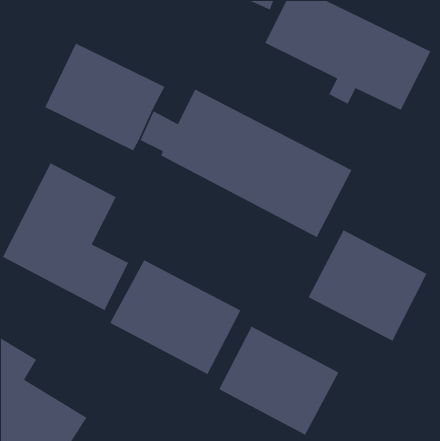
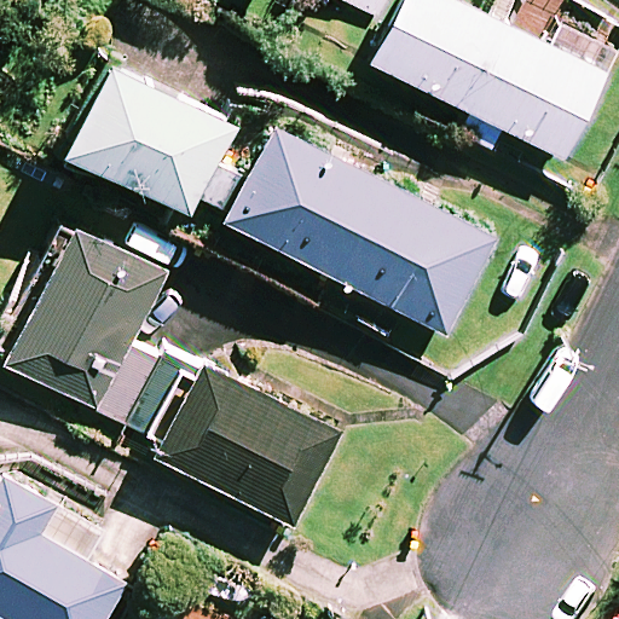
building: [307,229,428,342] -> none
building: [218,326,339,436] -> none

